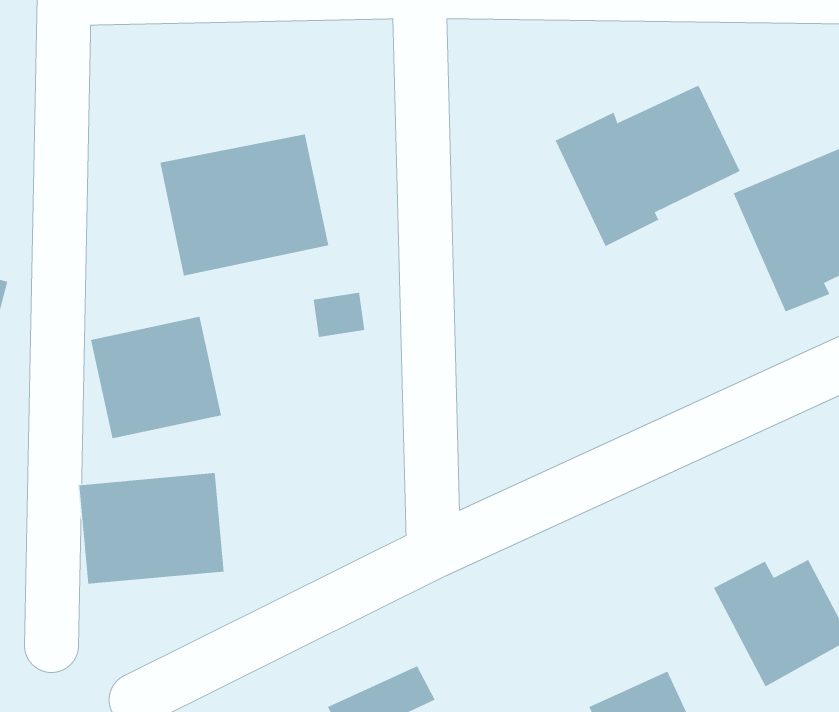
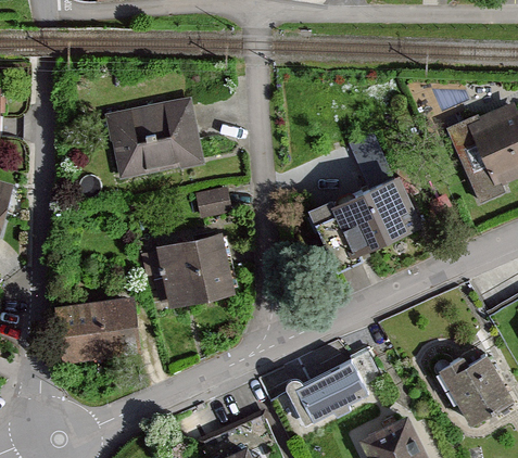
building: [555,85,740,247] -> [309,176,421,273]
building: [90,316,222,439] -> [156,232,236,306]
building: none -> [285,353,375,424]

